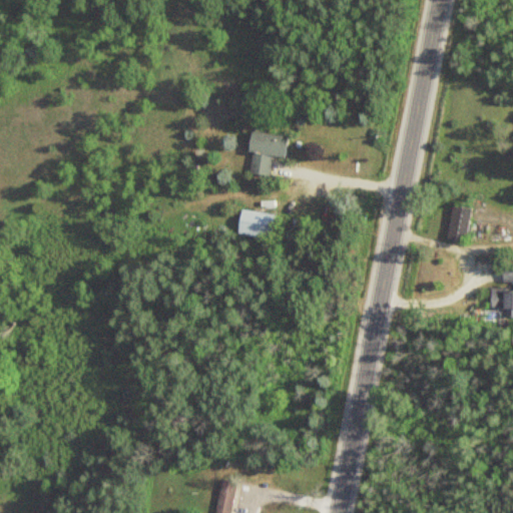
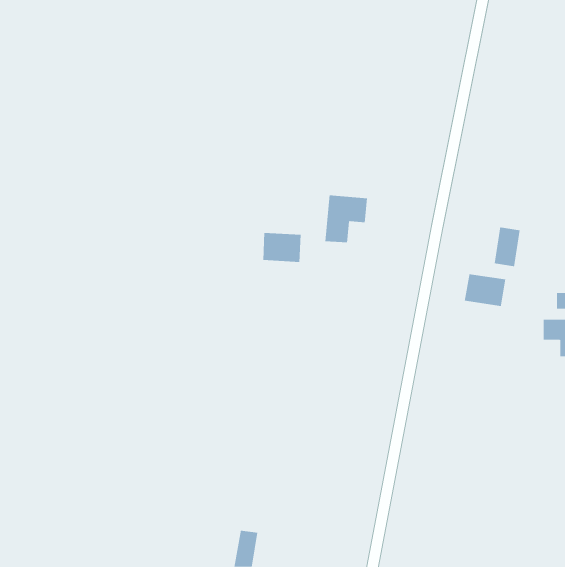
building: [248,131,288,174] -> [324,195,368,243]
building: none -> [464,273,506,307]

